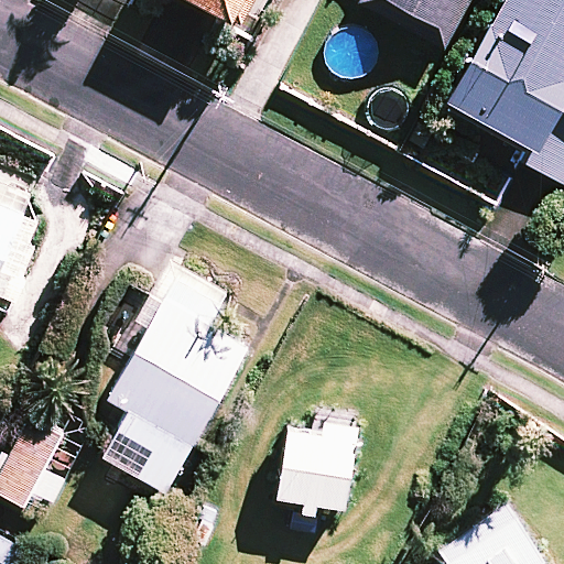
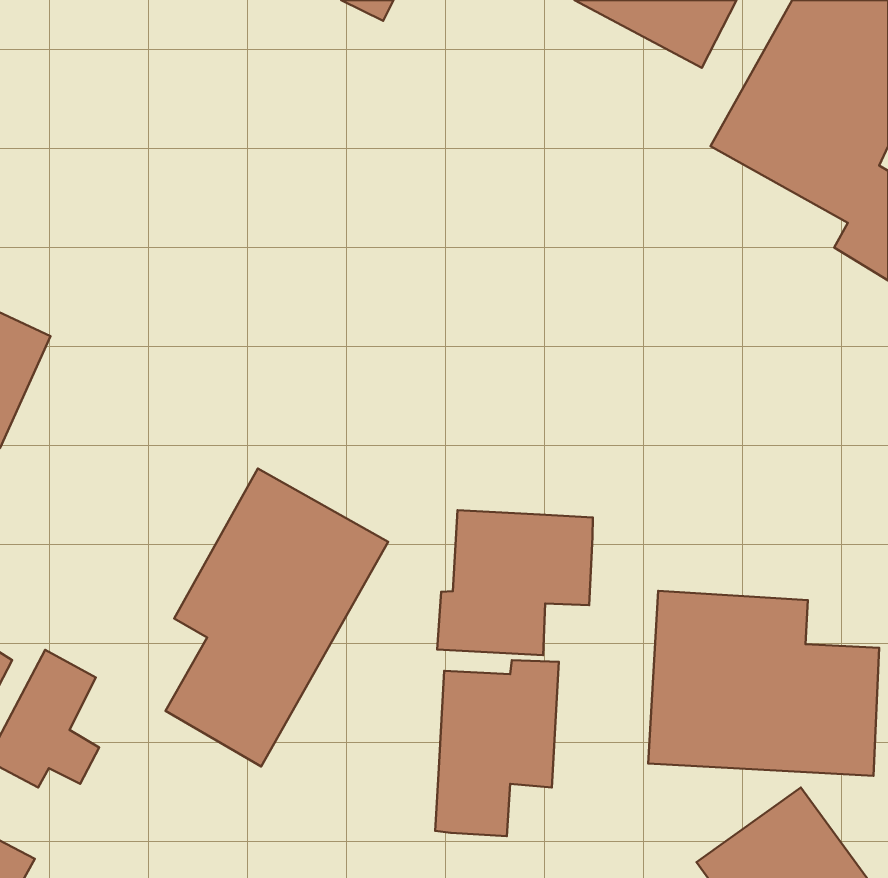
building: none -> [437,510,593,655]
building: none -> [648,591,879,776]

